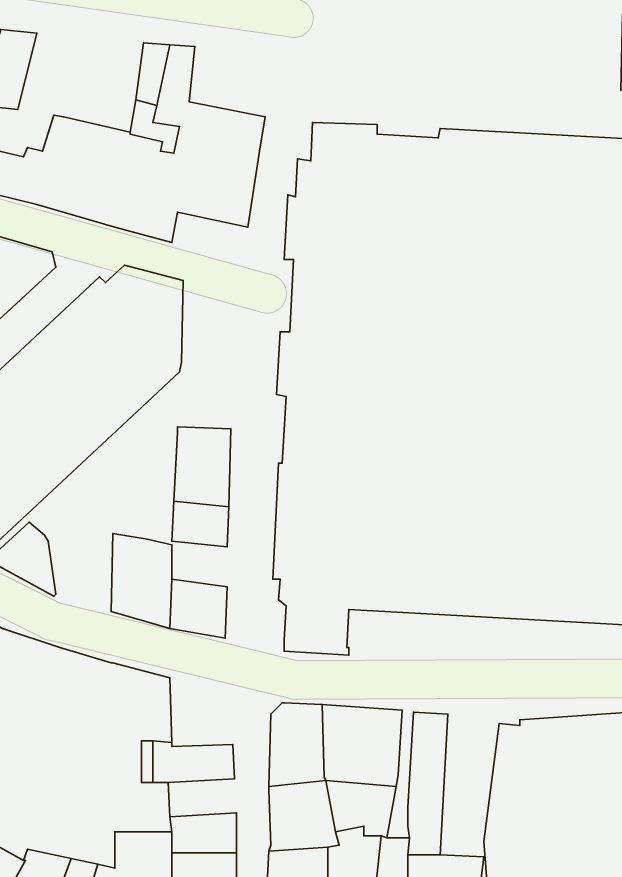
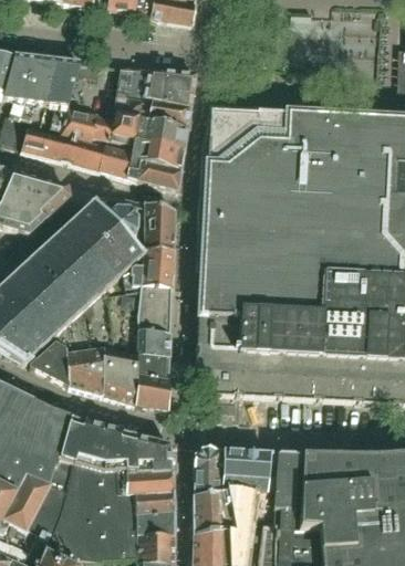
building: none -> [46,57,81,126]
building: none -> [146,65,195,106]
building: none -> [136,161,180,190]
building: none -> [122,201,174,291]
building: none -> [64,348,102,394]
building: none -> [136,353,168,379]
building: none -> [135,432,172,472]
building: none -> [299,453,326,527]
building: none -> [134,491,174,513]

